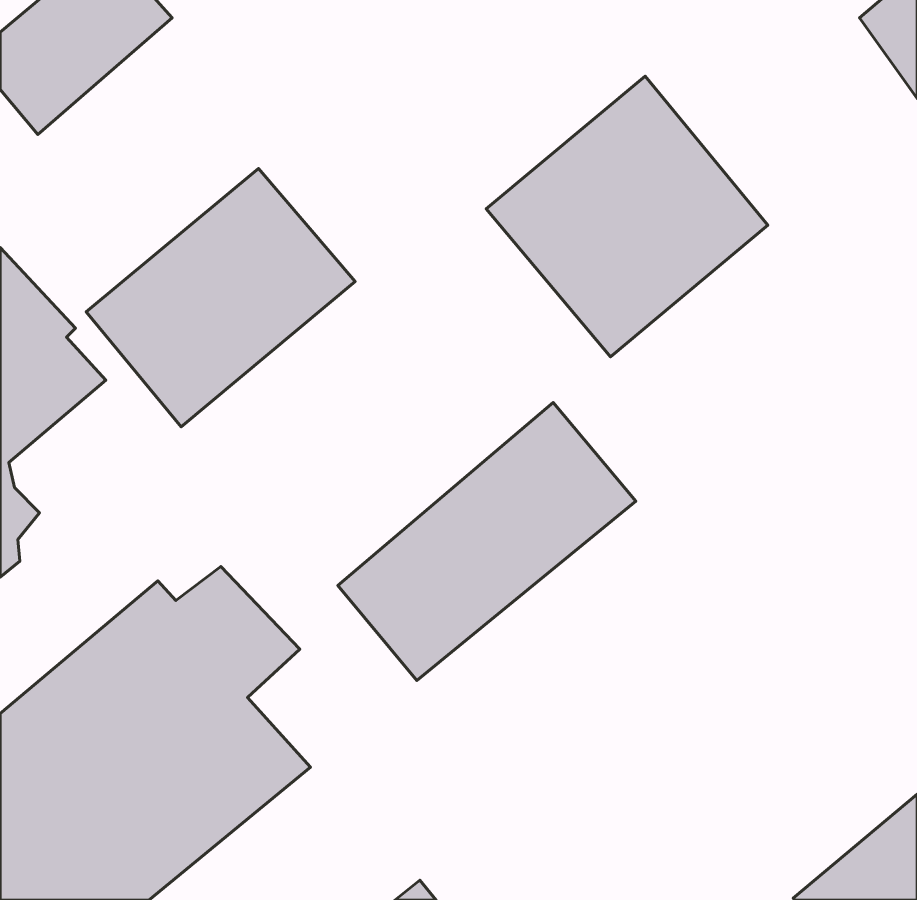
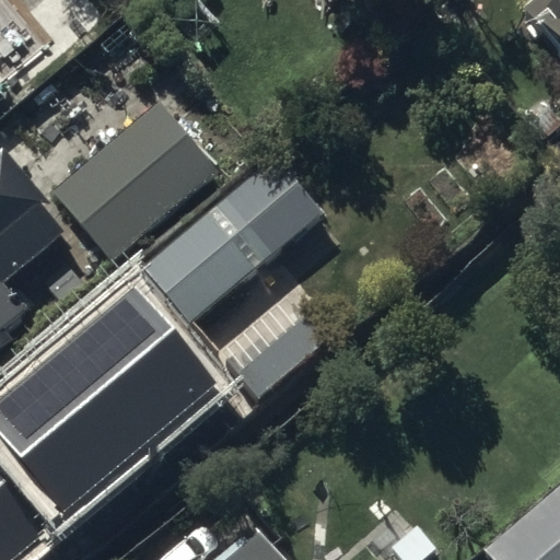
building: [486,76,768,357] -> none
building: [338,403,636,680] -> [141,154,323,324]

